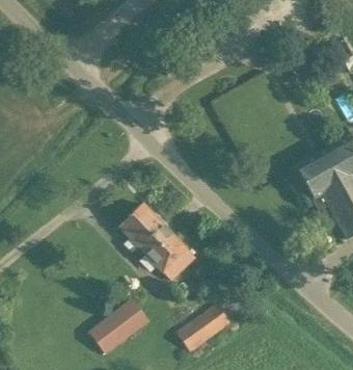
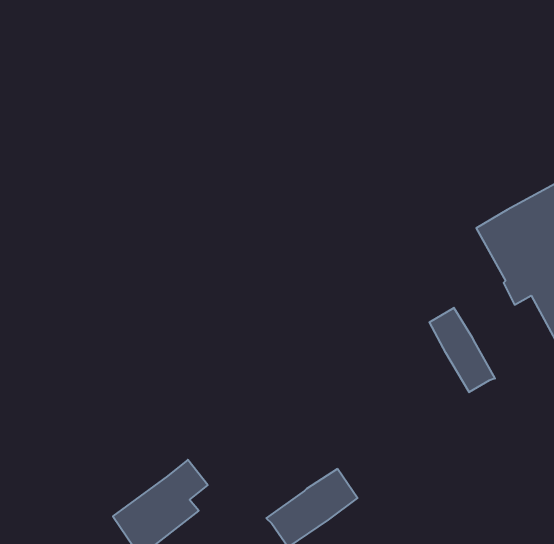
building: [119,203,195,279] -> none
building: none -> [429,308,495,392]

